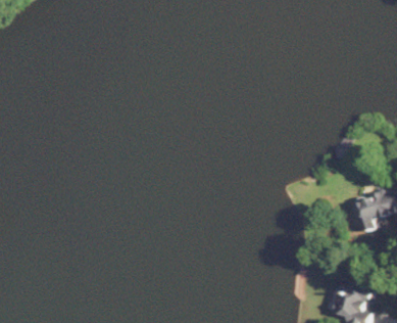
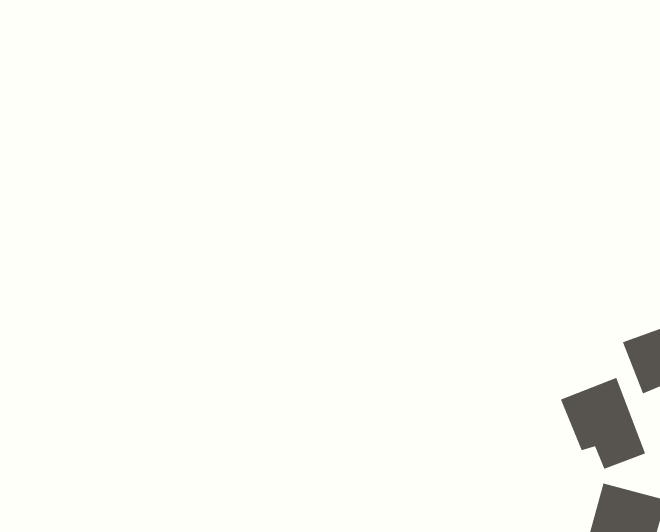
building: none -> [560,377,646,470]

